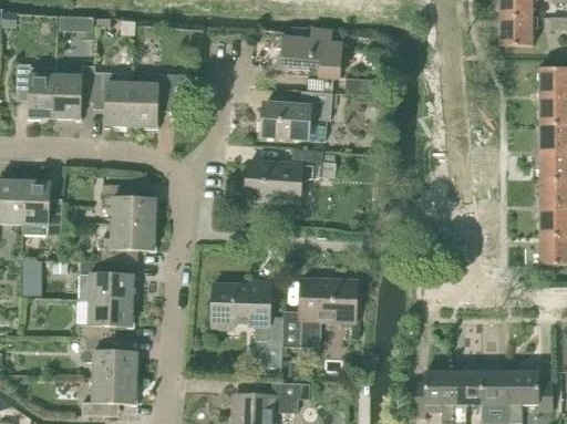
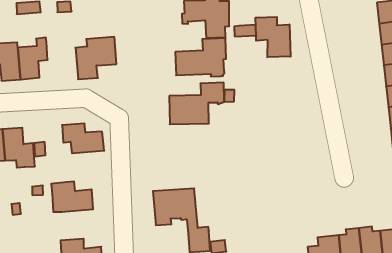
building: none -> [256,17,291,57]
building: [93,71,132,125] -> none
building: [101,223,155,261] -> none
building: [282,277,355,347] -> none
building: [78,299,132,338] -> none

